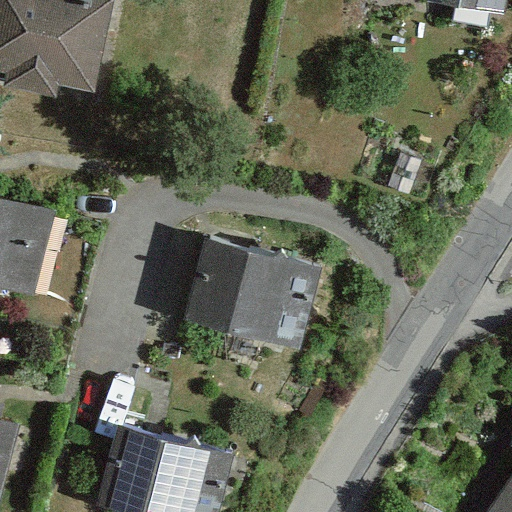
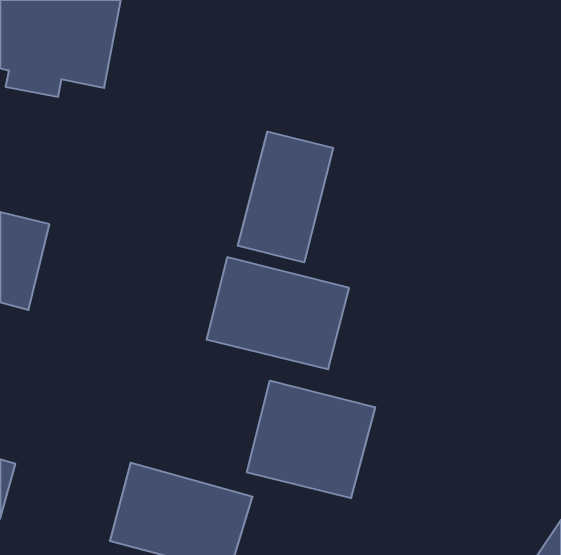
building: none -> [238,132,333,262]
building: none -> [247,381,375,498]

